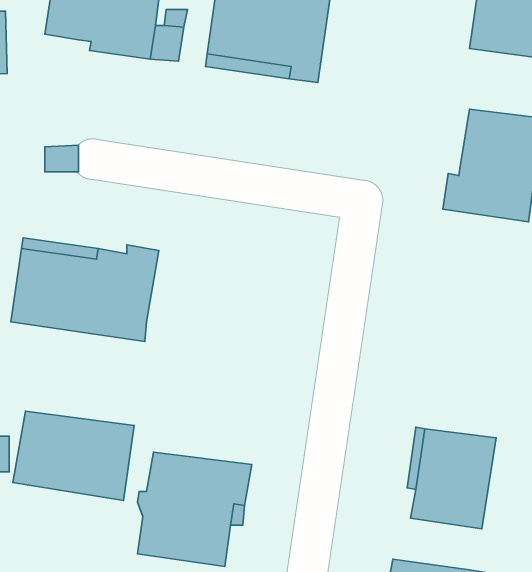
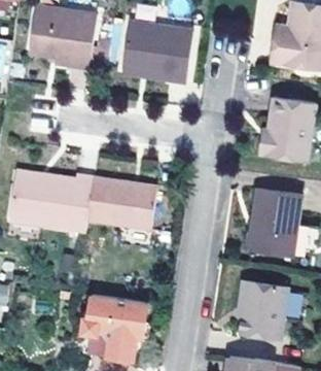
building: none -> [246,189,301,256]
building: [13,411,134,500] -> [86,178,156,230]

